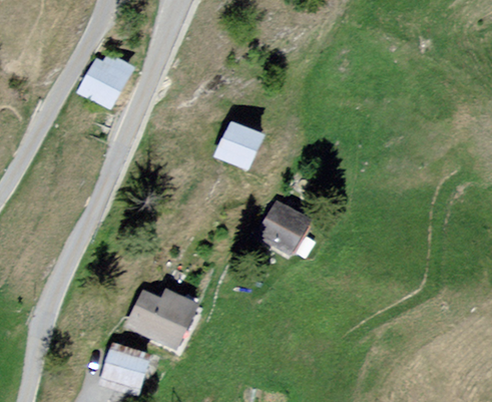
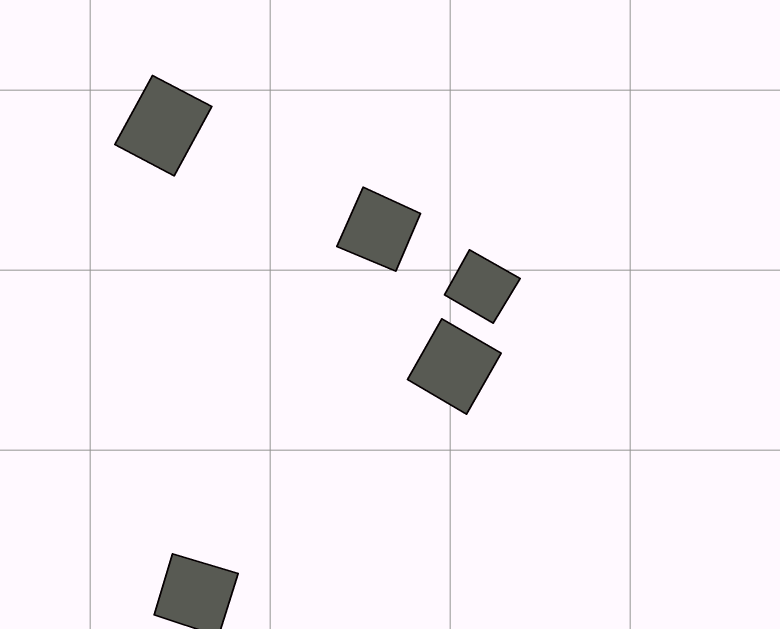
building: none -> [445,250,520,323]
building: [123,289,199,353] -> none

